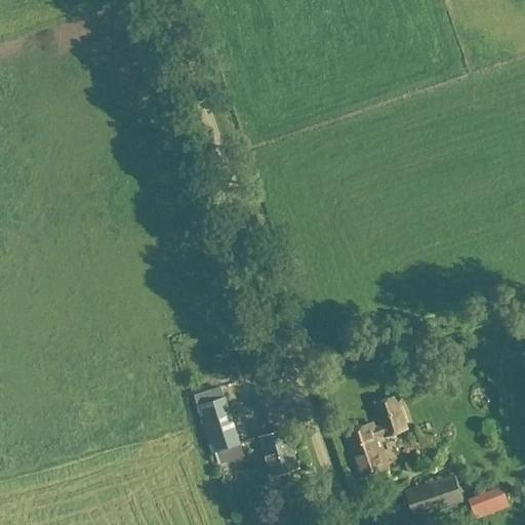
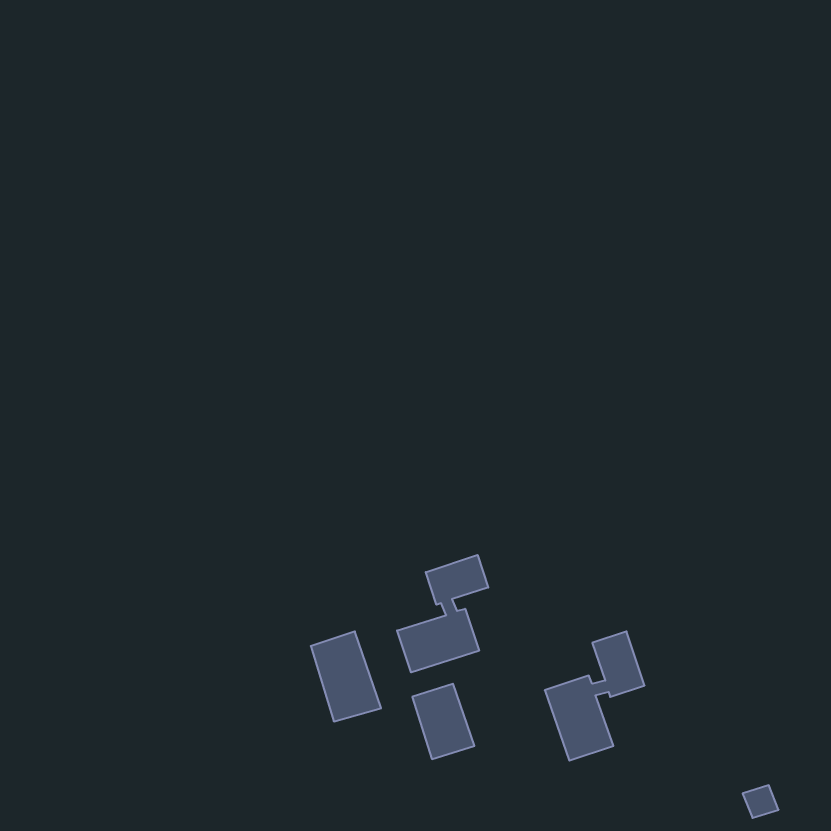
building: none -> [397,555,488,672]
building: [407,474,465,516] -> none

